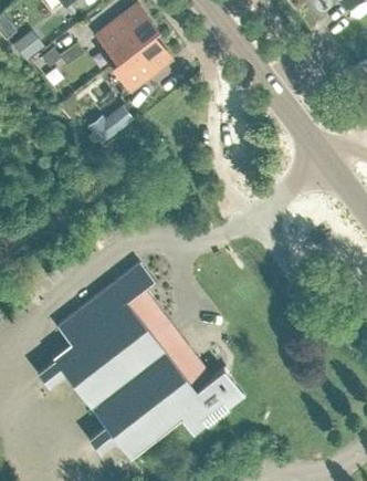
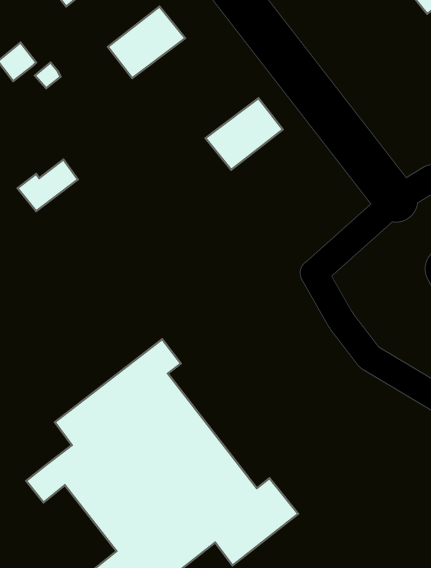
building: [111,34,170,90] -> [206,98,283,170]
building: [87,105,134,145] -> [18,160,78,211]

